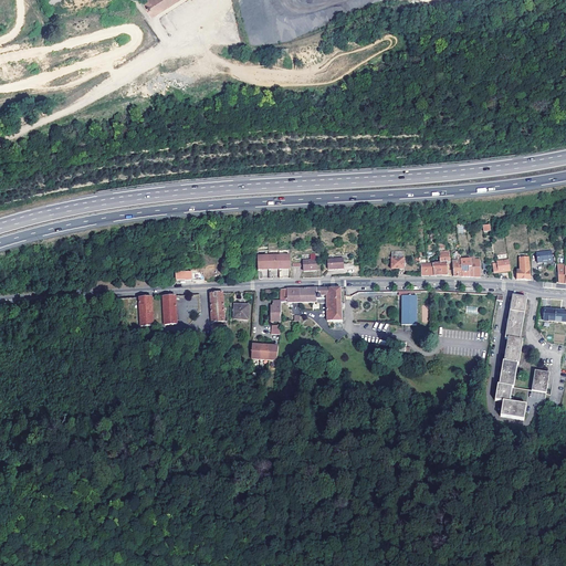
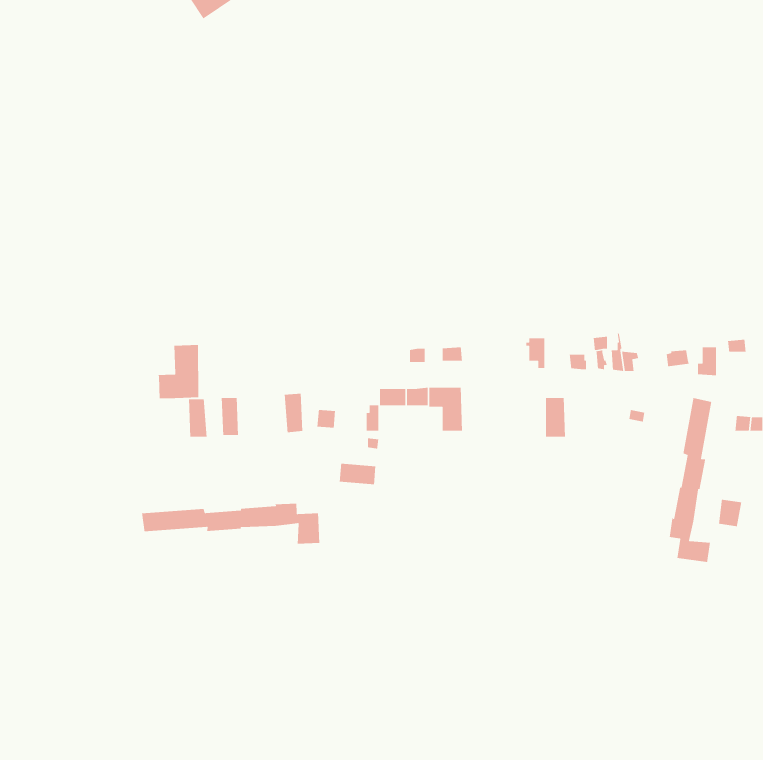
building: [258,253,290,276] -> none
building: none -> [156,344,199,399]
building: none -> [141,503,320,545]

